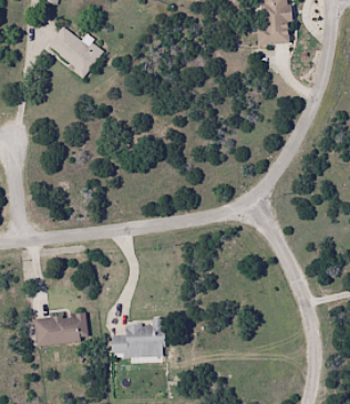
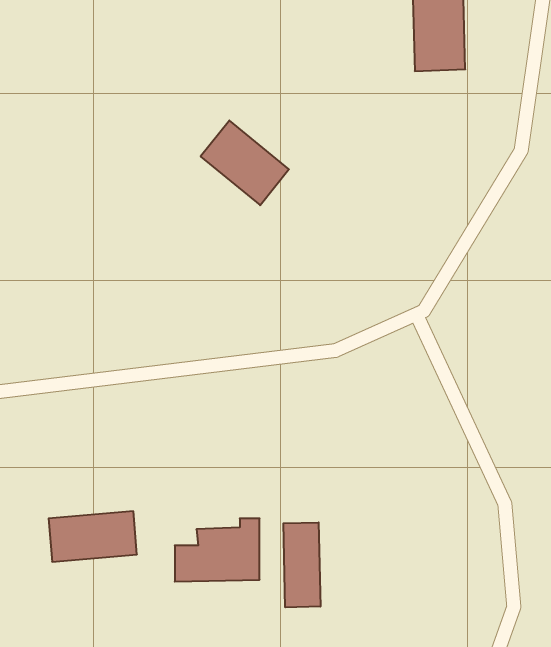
building: [48,24,102,76] -> [201,120,289,205]
building: none -> [283,522,320,607]

